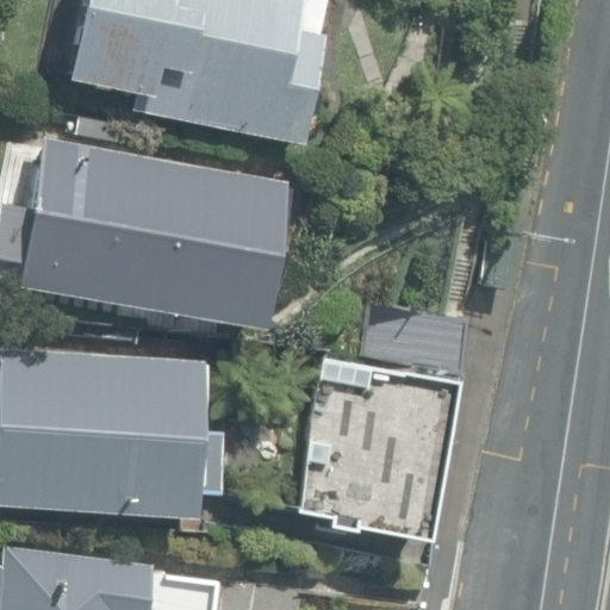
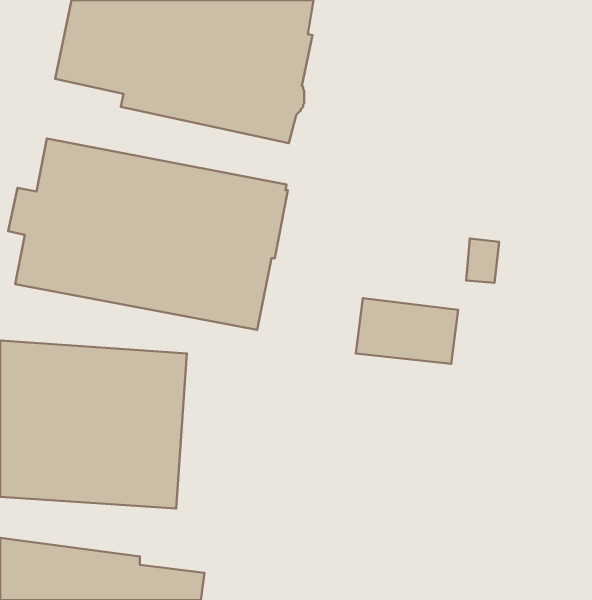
building: [293,356,454,542] -> none

